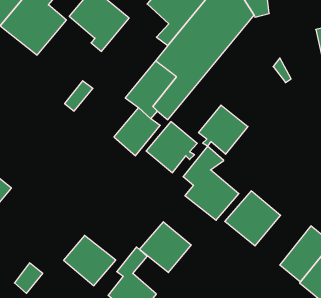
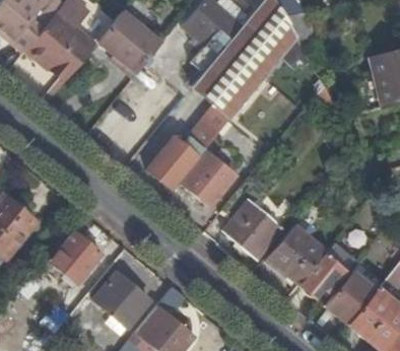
building: [199,105,248,154] -> none
building: none -> [51,232,103,285]
building: none -> [302,243,356,298]
building: [140,222,191,273] -> none

